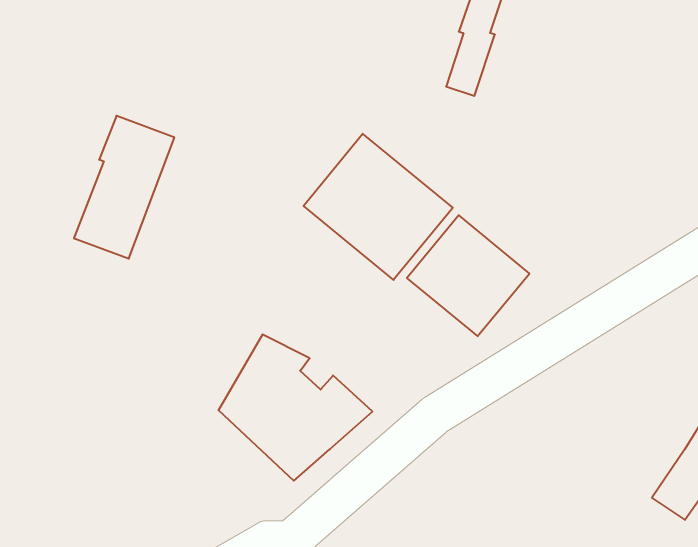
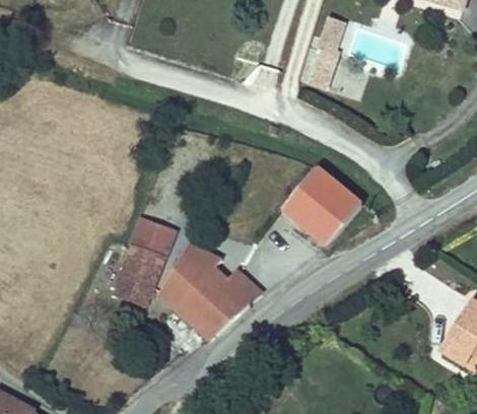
building: [74,116,174,259] -> [112,216,177,308]
building: [304,134,453,280] -> none

